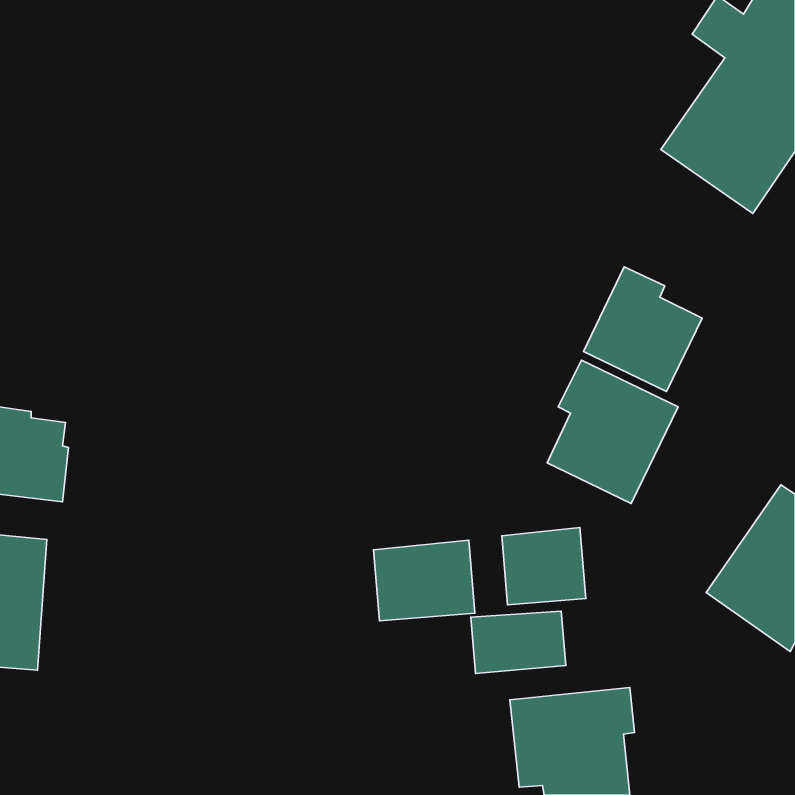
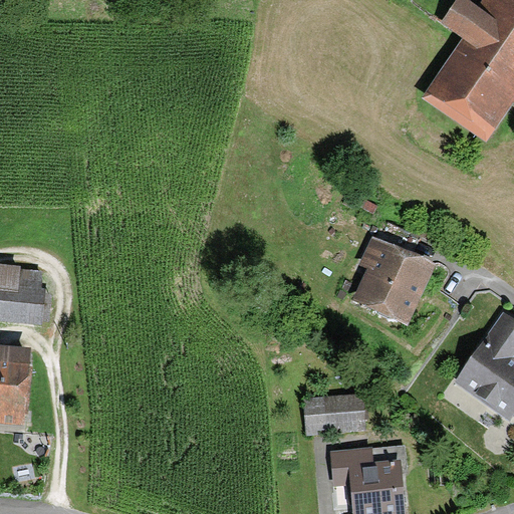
building: [583,267,702,392] -> none
building: [502,528,586,605] -> none
building: [374,540,475,621] -> none

